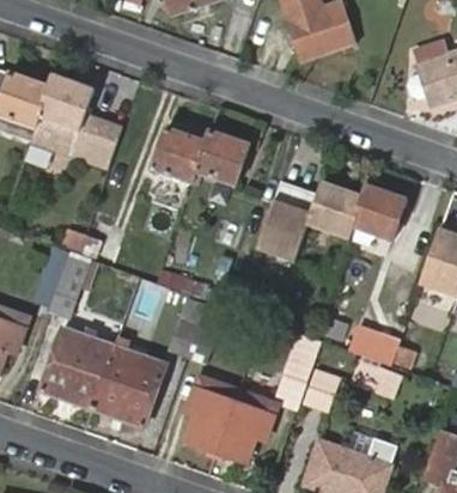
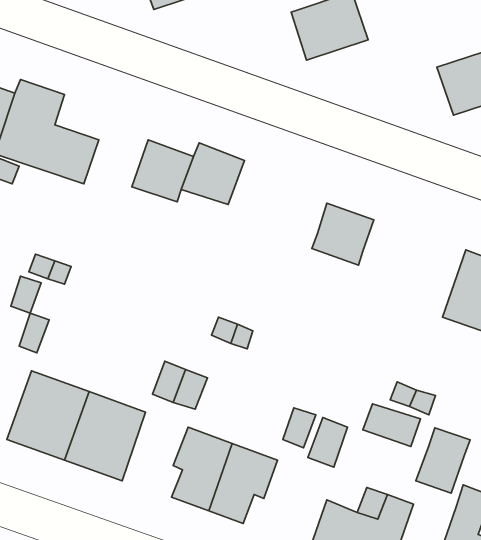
building: [352,187,406,239] -> none
building: [256,196,312,262] -> none
building: none -> [416,428,470,493]

